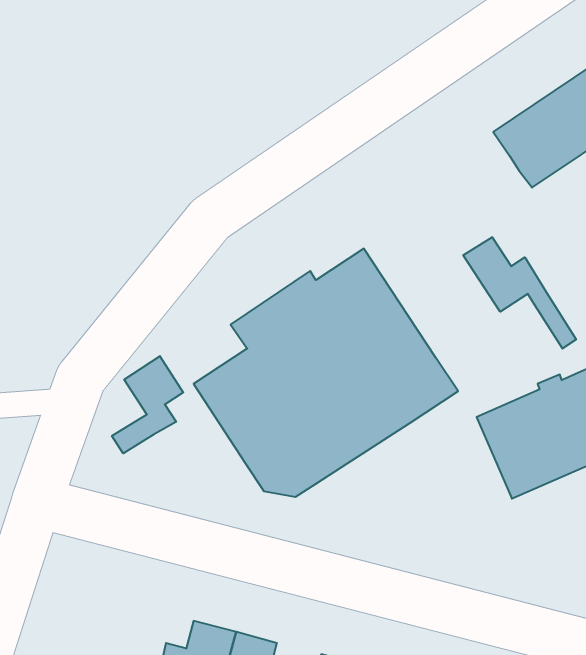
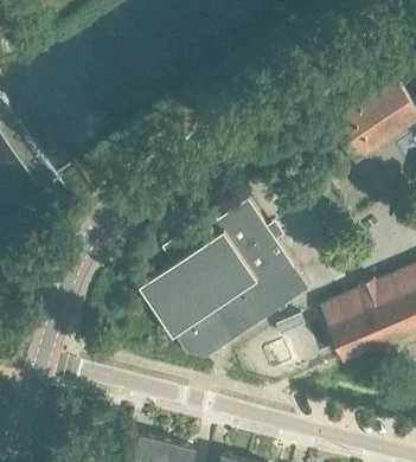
building: [463,237,576,349] -> none
building: [112,356,183,453] -> none

